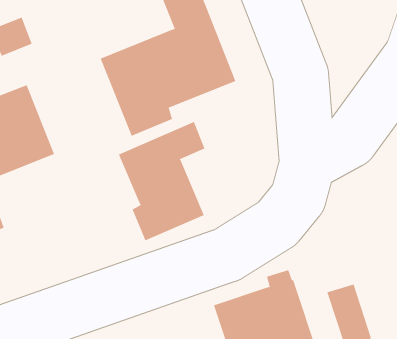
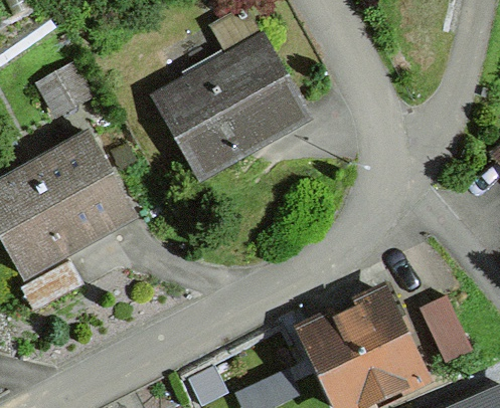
building: [118,121,205,241] -> none

